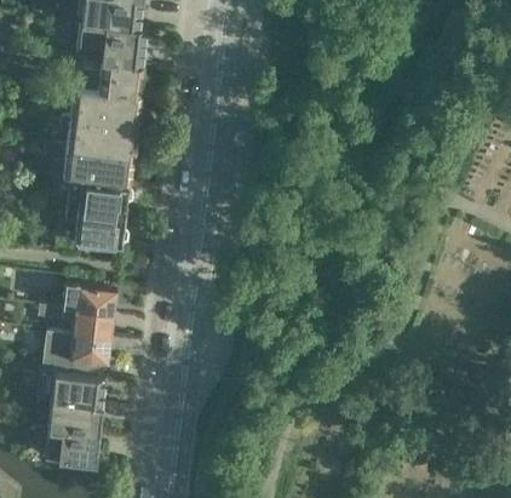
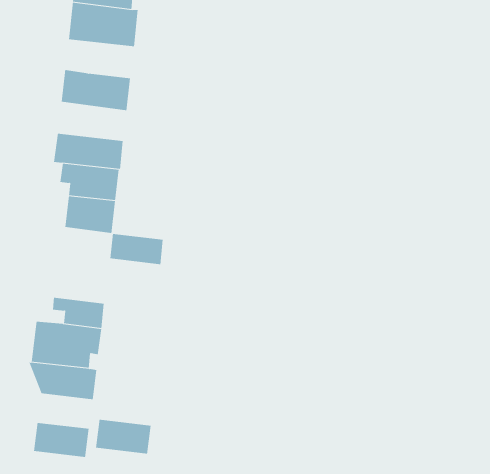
building: [73,62,142,99] -> none
building: [65,122,133,160] -> none
building: [62,287,114,317] -> [110,233,164,265]
building: [46,405,101,439] -> [95,419,151,454]

